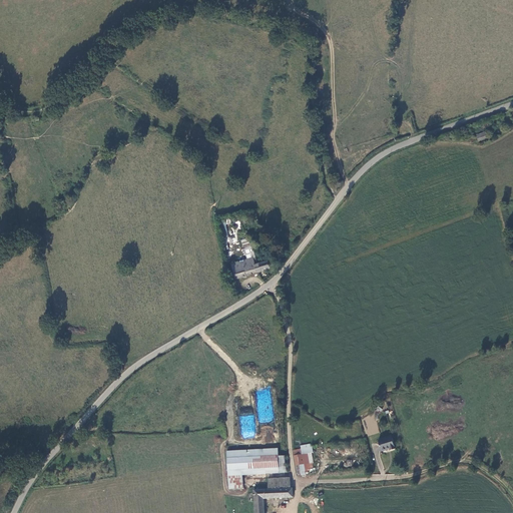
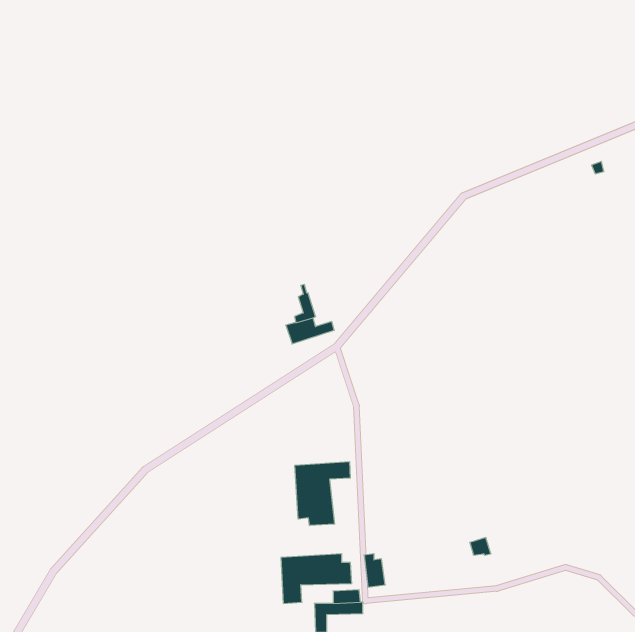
building: none -> [295,462,350,526]

